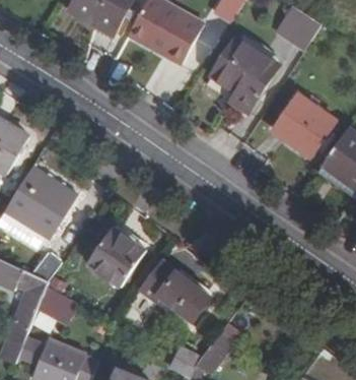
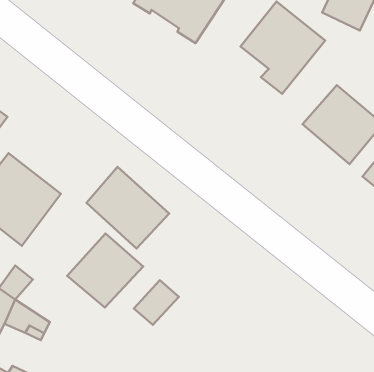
building: none -> [86,167,169,248]
building: [158,273,212,324] -> none

